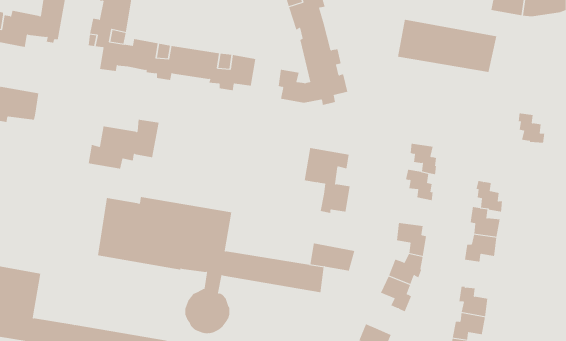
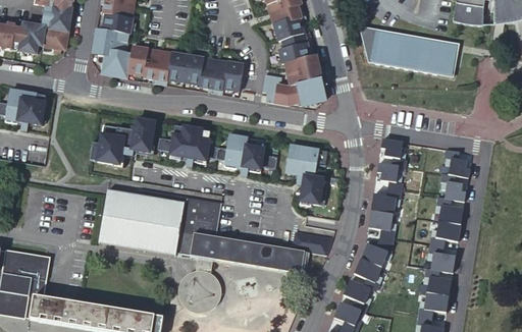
building: [518,113,545,143] -> [443,150,468,177]
building: none -> [159,124,277,170]
building: none -> [370,188,401,214]
building: none -> [427,244,455,272]
building: none -> [344,279,371,312]

